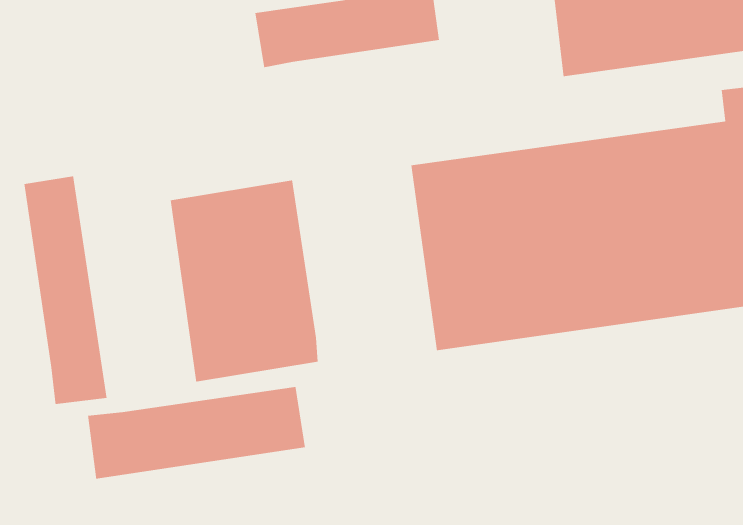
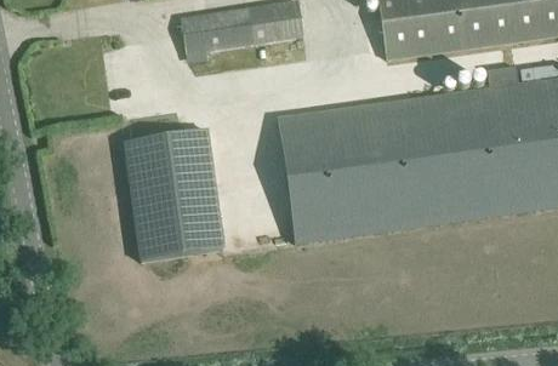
building: [24,175,107,405] -> none
building: [87,386,306,479] -> none

